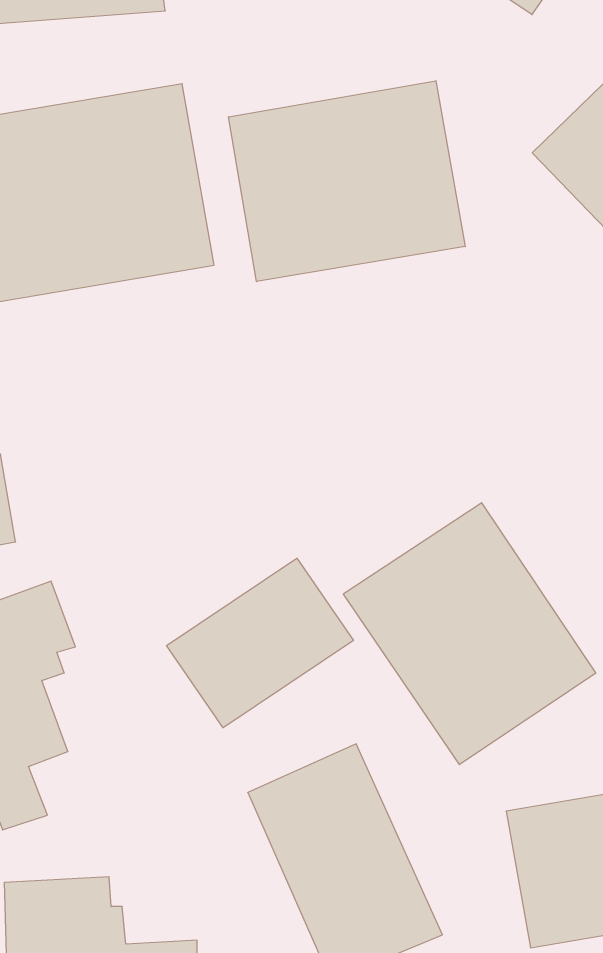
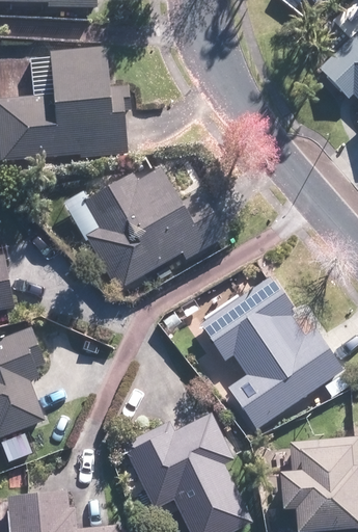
building: [229,81,465,282] -> none
building: none -> [77,156,222,289]
building: [167,558,353,728] -> none

